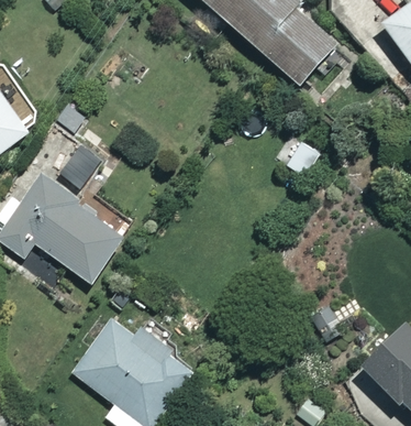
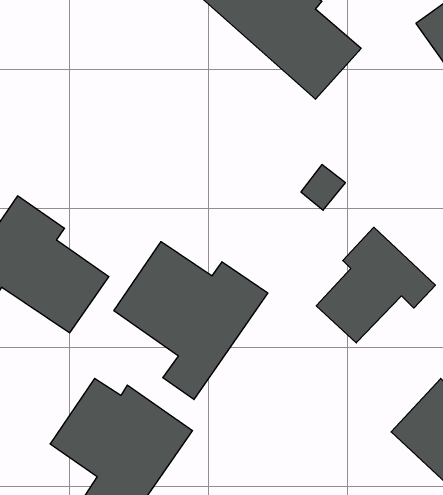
building: none -> [316,227,435,343]
building: none -> [114,242,268,400]

